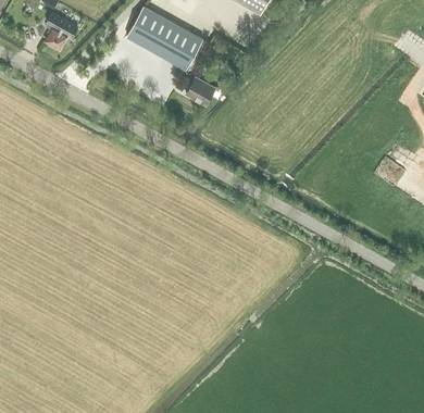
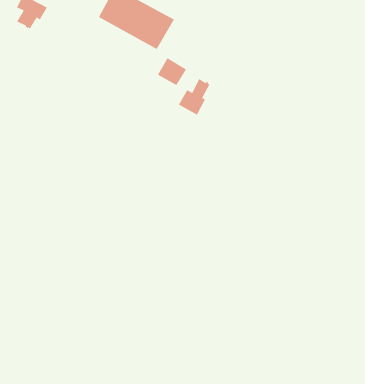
building: none -> [178,78,210,115]

